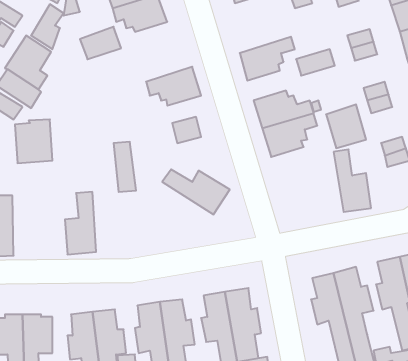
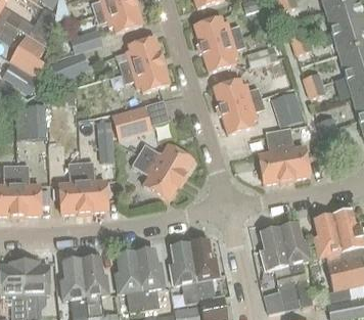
building: none -> [193,16,242,48]
building: none -> [121,37,162,72]
building: none -> [50,51,90,81]
building: none -> [112,105,150,138]
building: none -> [257,129,285,182]
building: none -> [131,153,179,199]
building: none -> [80,161,106,211]
building: none -> [14,165,39,214]

